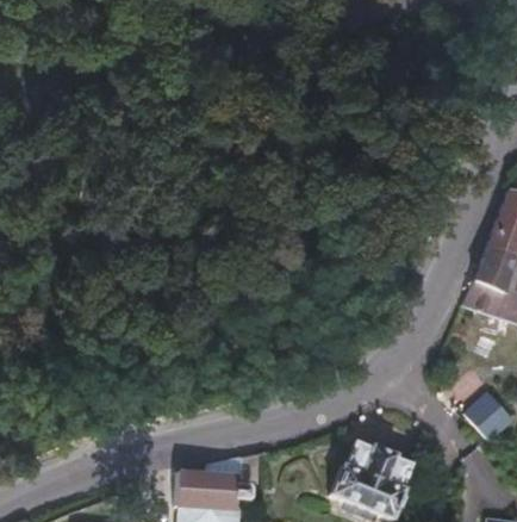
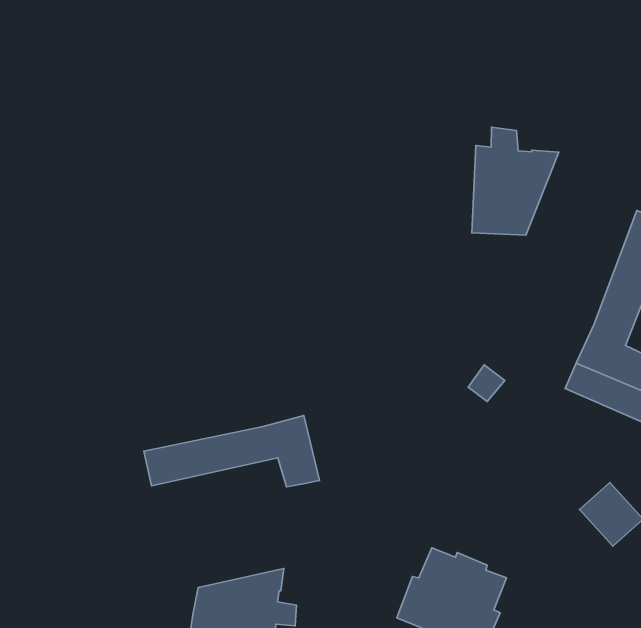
building: none -> [472,127,559,235]
building: none -> [144,416,320,487]

